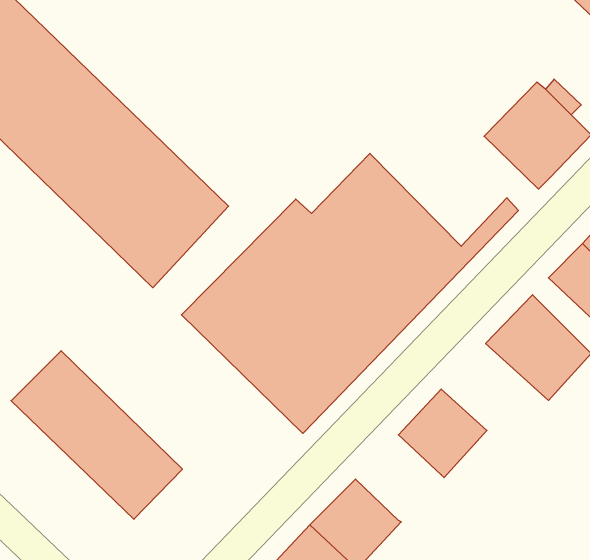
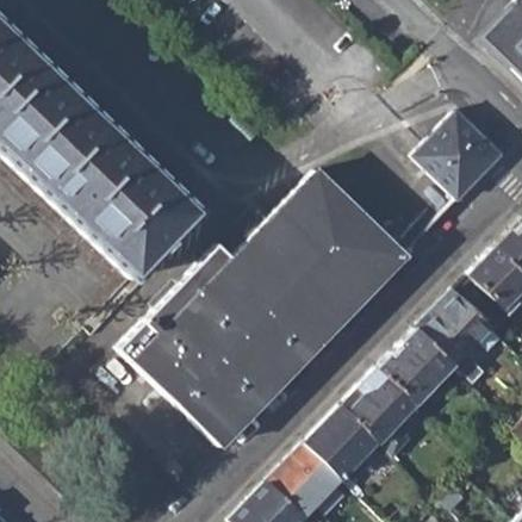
building: none -> [379,330,456,406]
building: [11,351,182,519] -> [120,306,263,447]
building: none -> [307,406,379,478]

